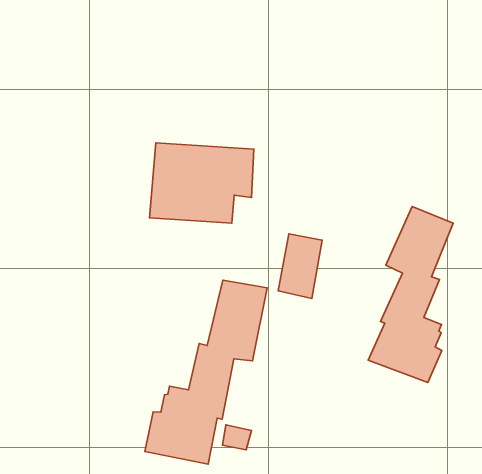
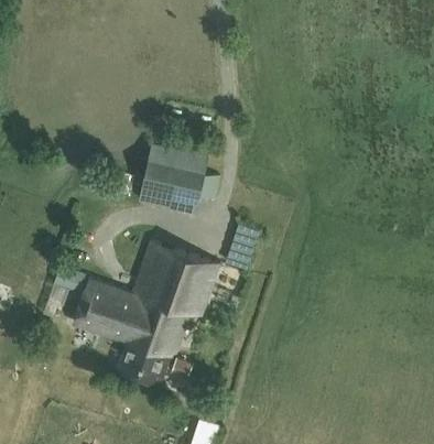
building: [368,206,453,383] -> none
building: none -> [72,238,186,339]

